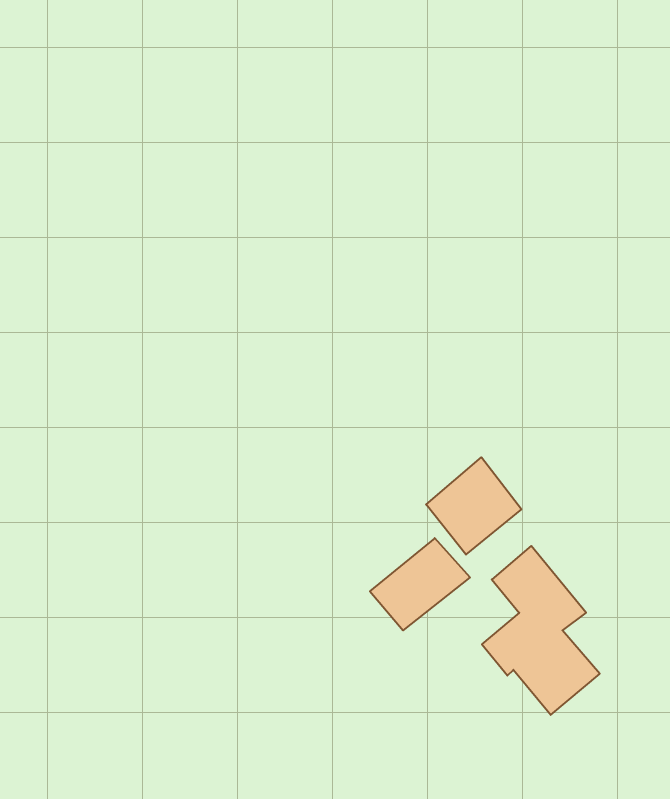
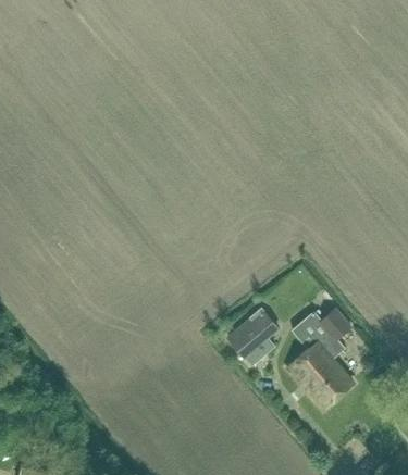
building: [426,457,521,555] -> none

